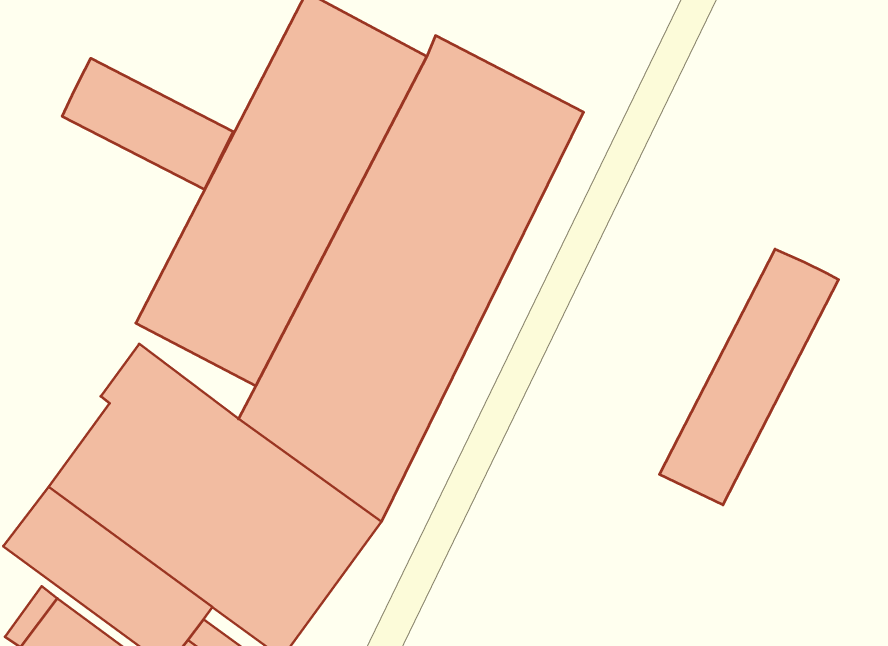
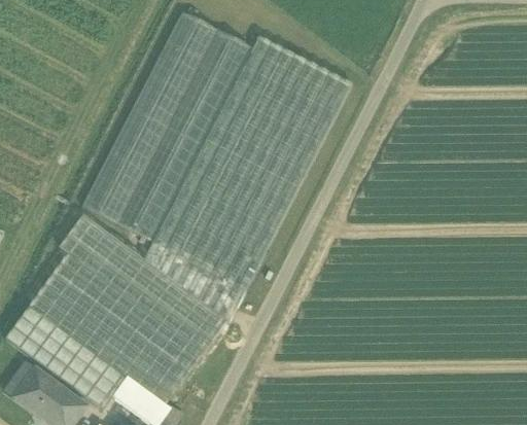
building: [62,58,233,190] -> none
building: [659,249,839,505] -> none

